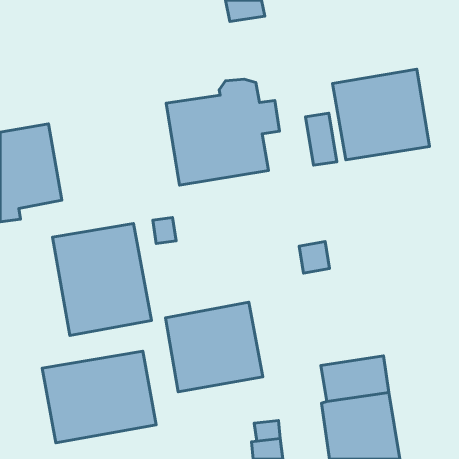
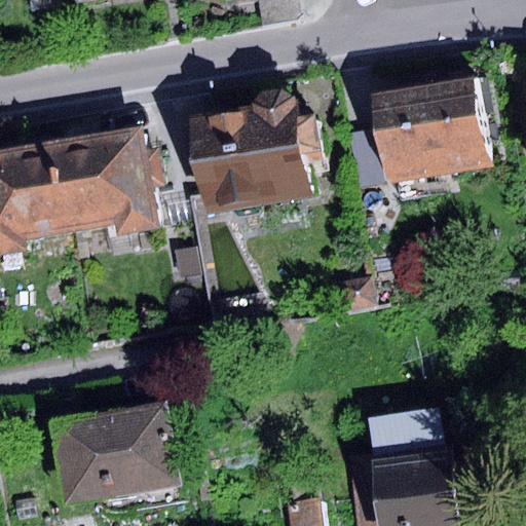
building: none -> [55,126,157,235]
building: [53,224,152,336] -> none
building: [165,302,263,392] -> none

